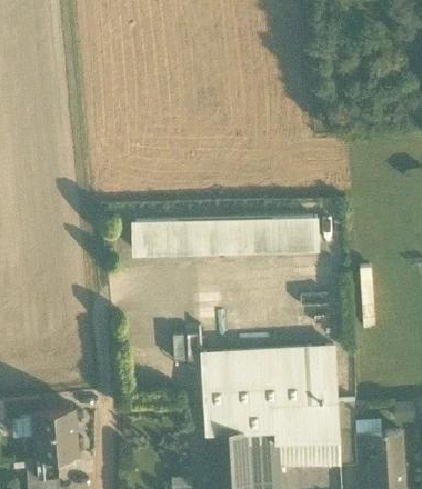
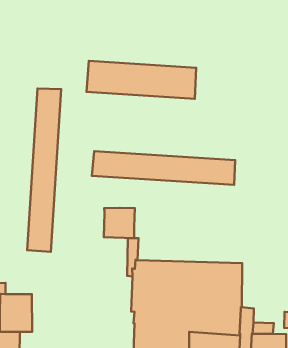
building: none -> [87,61,196,99]
building: none -> [27,88,61,252]
building: none -> [104,208,135,238]

